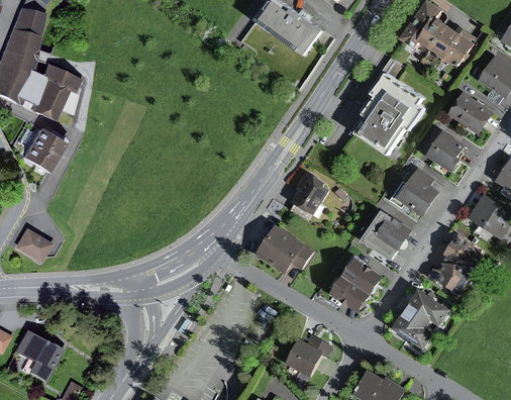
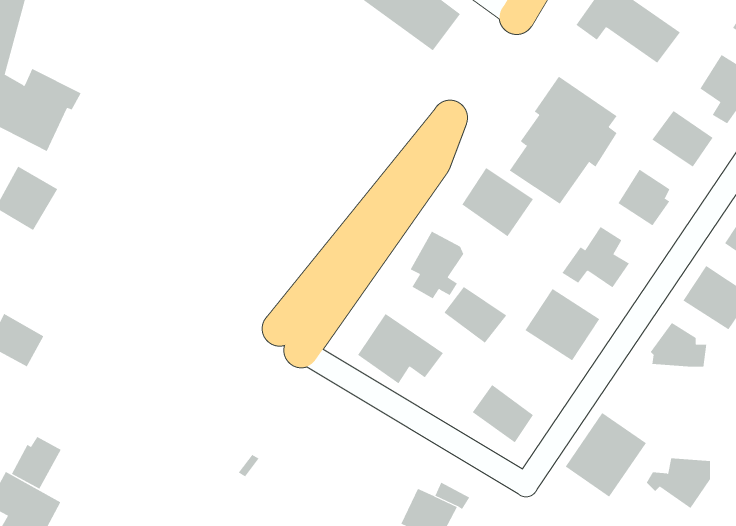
building: none -> [462,167,534,237]
building: [343,256,385,293] -> [443,286,507,344]
building: [431,260,474,293] -> [646,458,711,509]
building: none -> [11,436,62,490]

